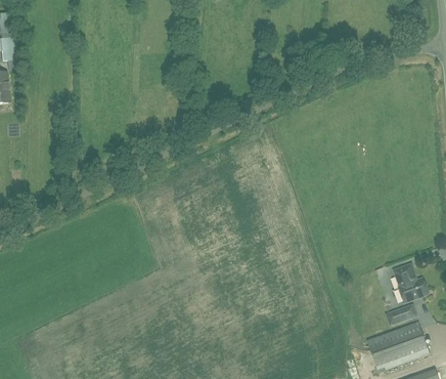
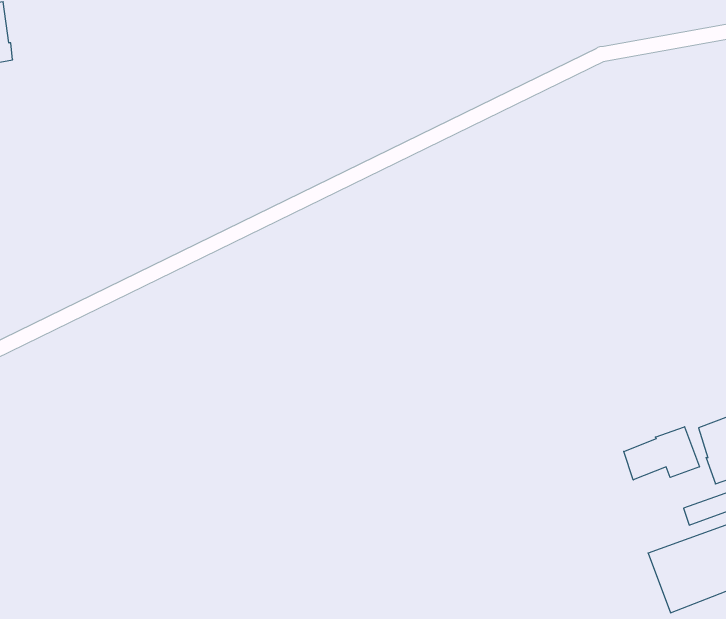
building: none -> [624,427,699,480]

